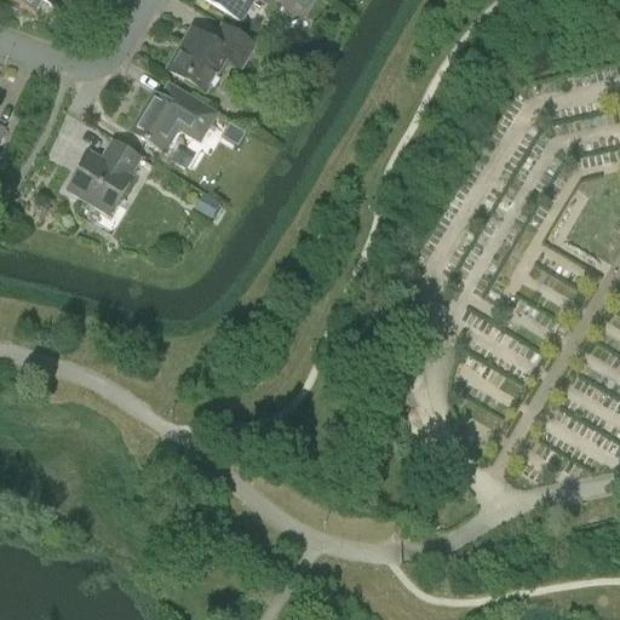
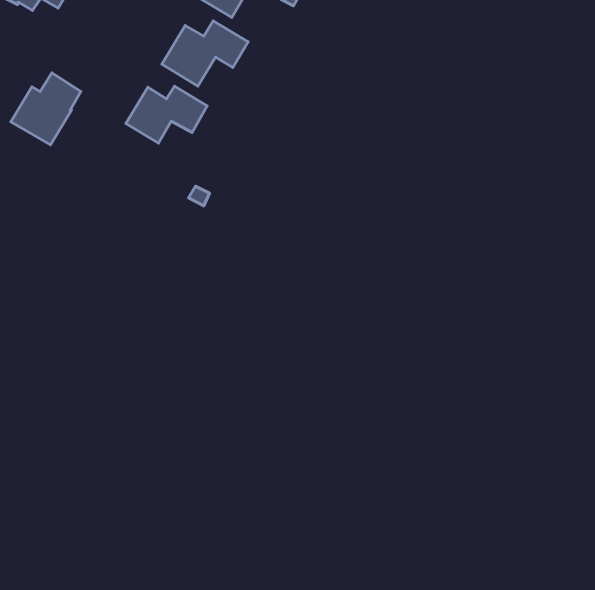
building: [70,137,143,212] -> [11,73,81,145]

